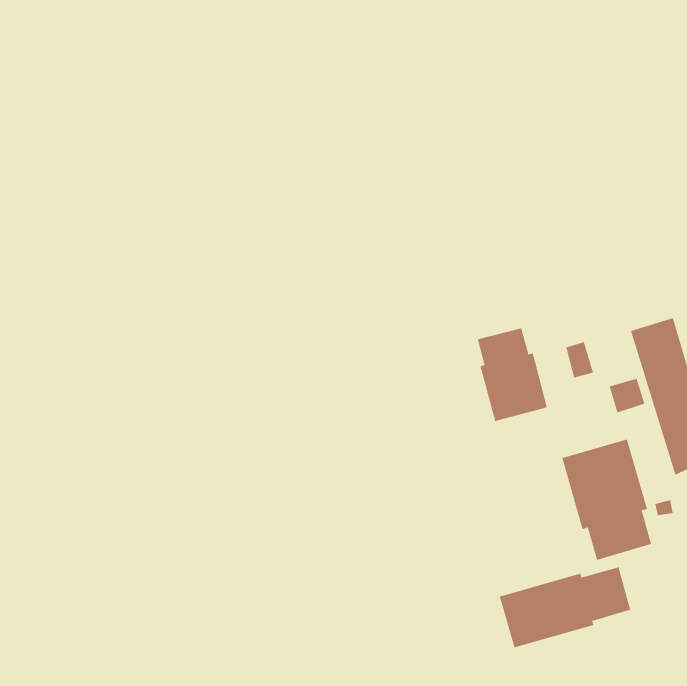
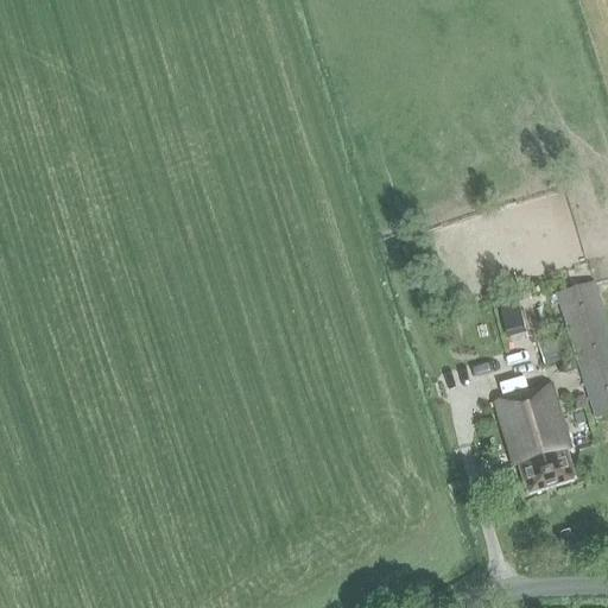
building: [477,327,548,422] -> none
building: [499,566,631,648] -> none

